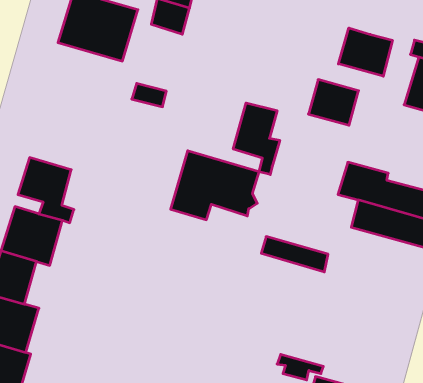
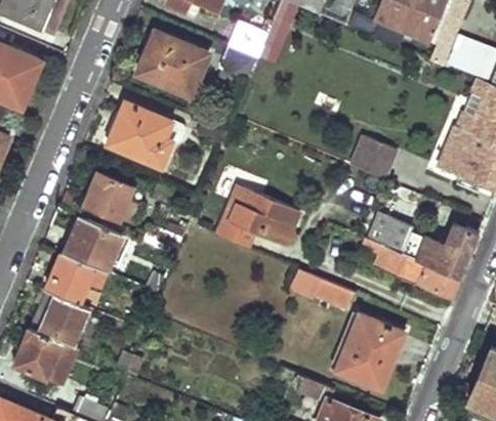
building: [338,28,392,76] -> none
building: none -> [111,101,173,165]
building: [233,103,280,175] -> none
building: none -> [337,313,406,390]

